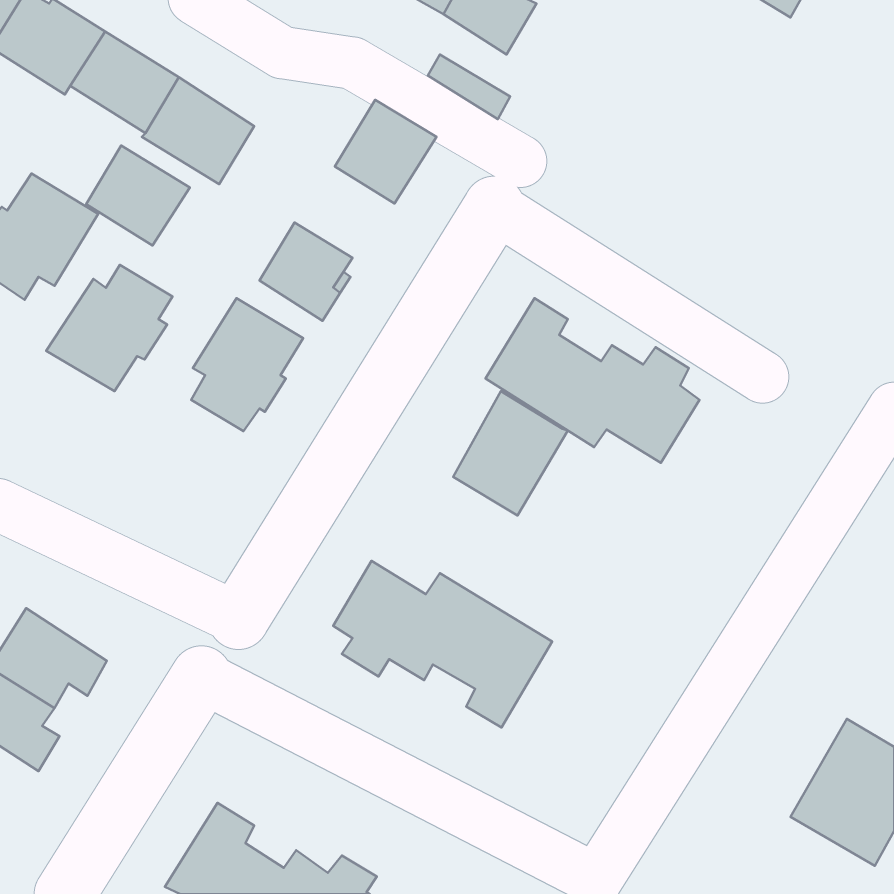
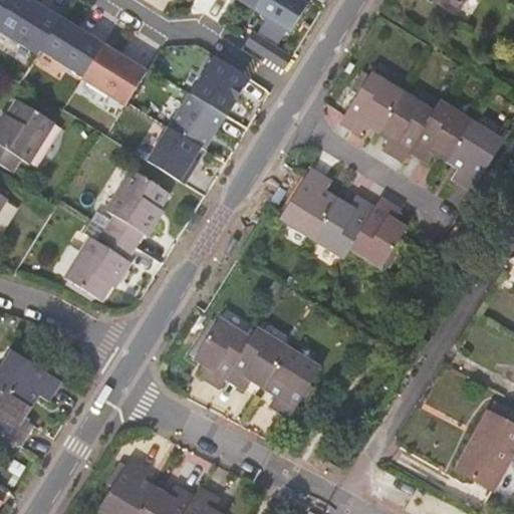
building: none -> [338,70,501,188]
building: [86,146,190,246] -> none
building: none -> [169,93,226,150]
building: [46,265,172,391] -> [67,229,140,301]
building: [453,391,568,515] -> none

